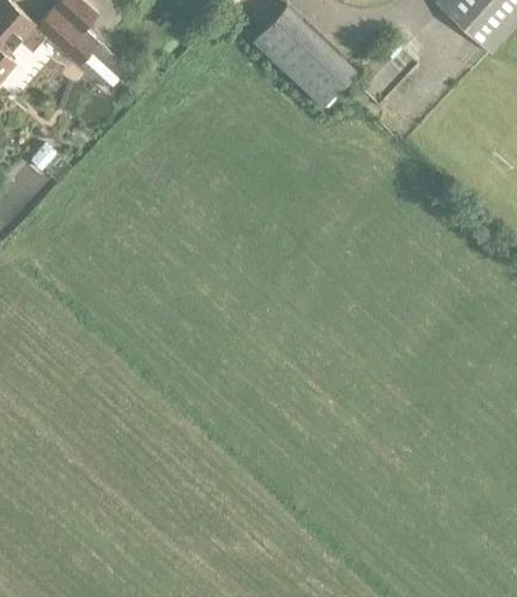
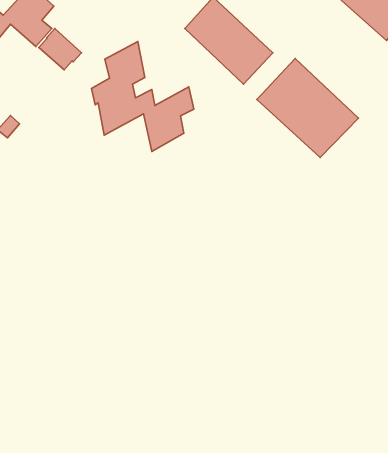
building: none -> [91,41,194,151]
building: none -> [257,59,358,158]

